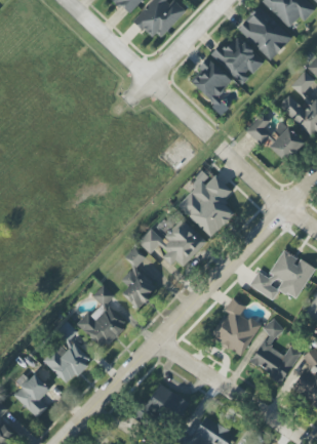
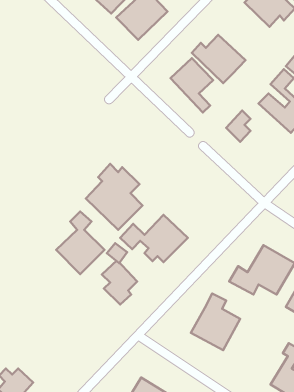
building: [238,6,293,60] -> none
building: [270,127,305,162] -> none
building: [179,170,236,237] -> [86,164,142,230]
building: [79,285,128,349] -> [56,212,105,274]
building: [250,319,301,381] -> none
building: [44,321,92,385] -> none

